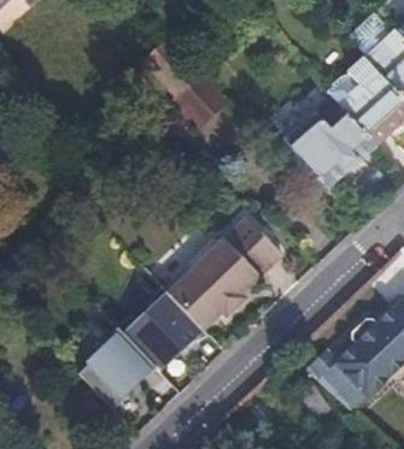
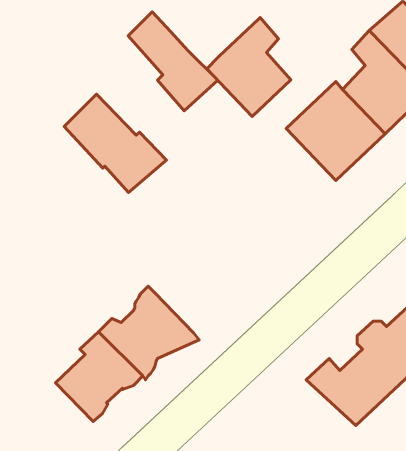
building: none -> [207,18,291,116]
building: none -> [64,94,166,193]
building: [170,215,285,327] -> none

